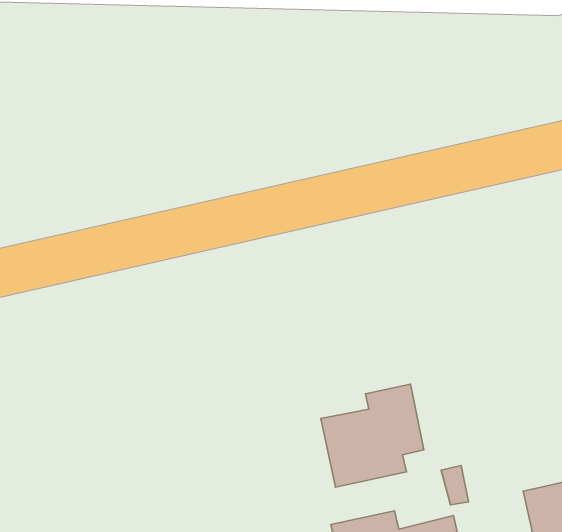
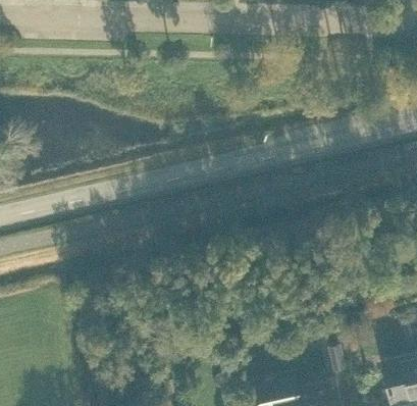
building: [321,384,424,487] -> none

